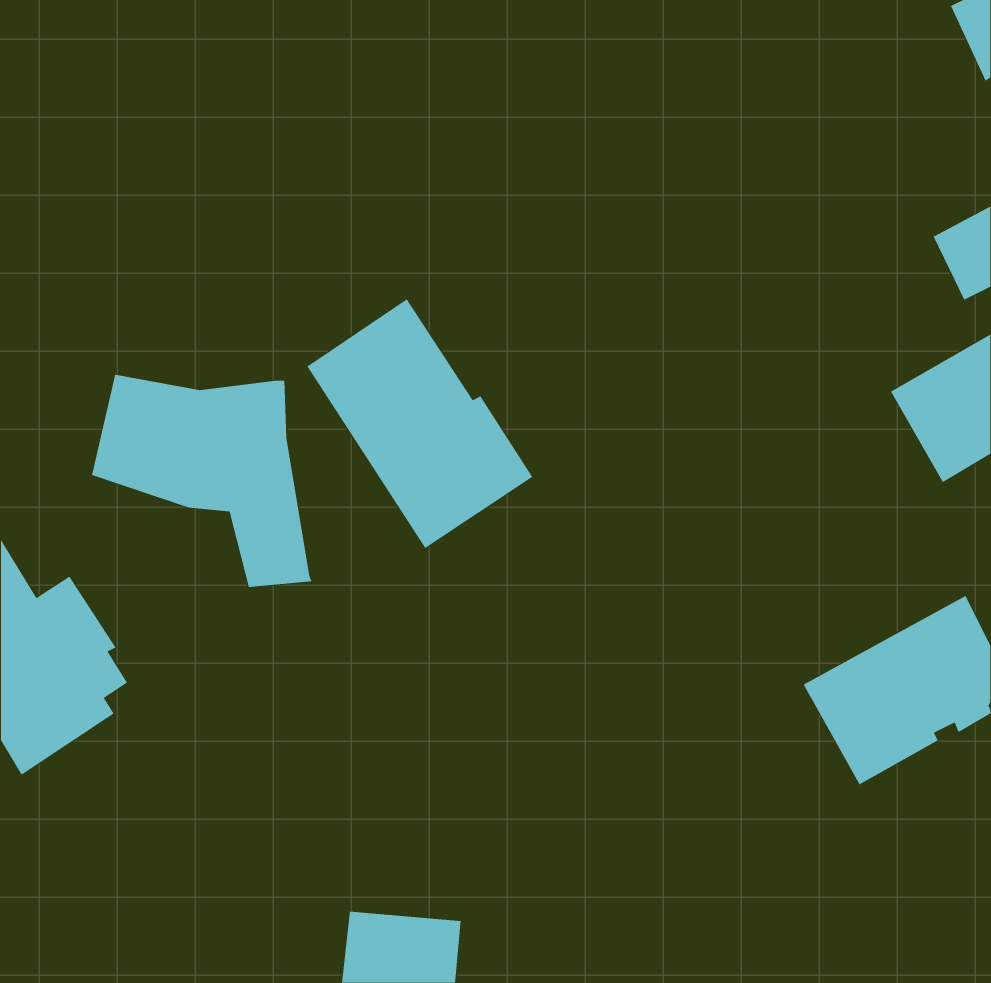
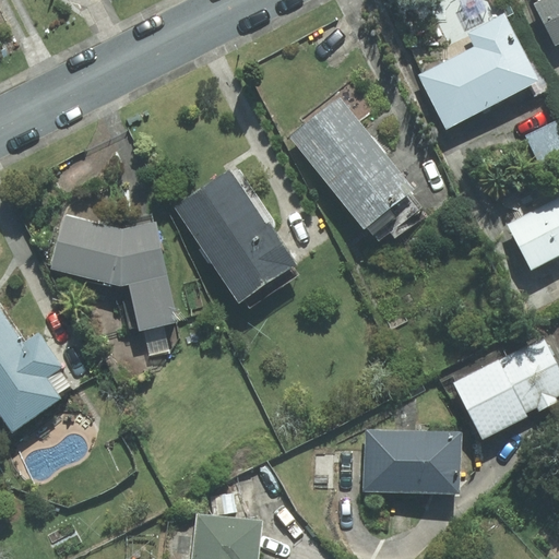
building: none -> [420,11,540,130]
building: none -> [288,94,427,240]
building: none -> [361,427,463,497]

